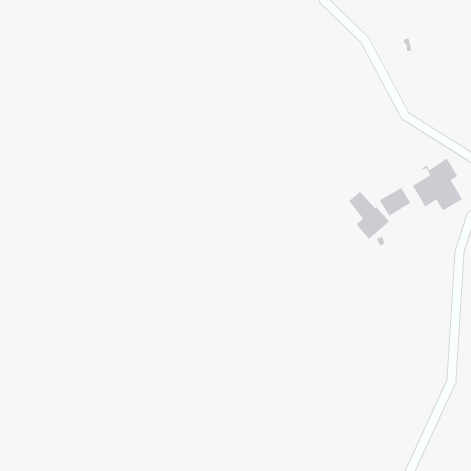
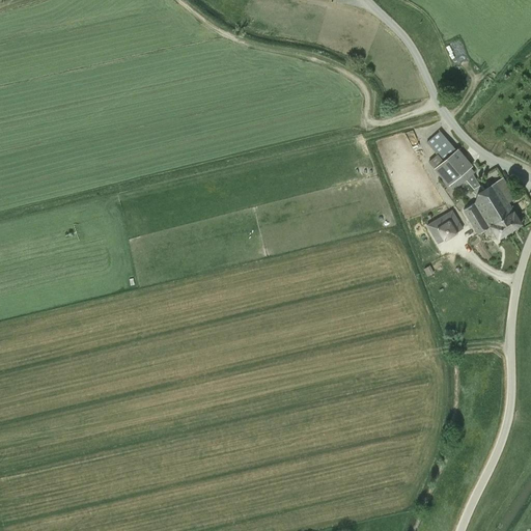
building: [348,191,390,240] -> [426,131,473,186]

